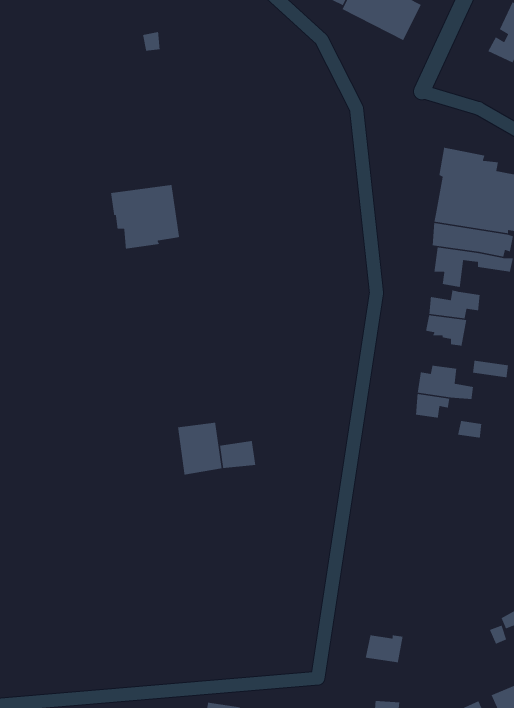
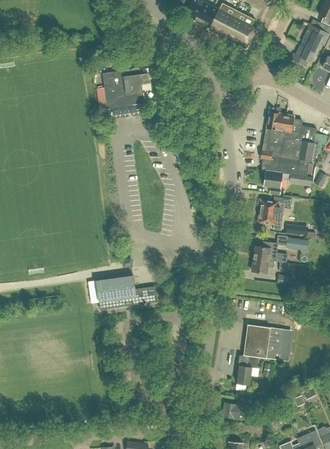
building: [110,184,180,250] -> [102,68,144,107]
building: none -> [96,278,114,309]
building: none -> [236,324,289,390]

